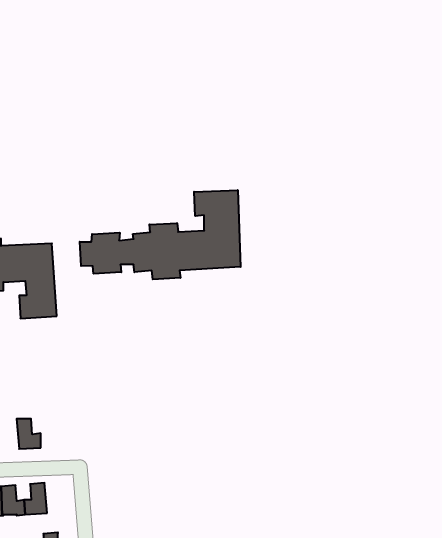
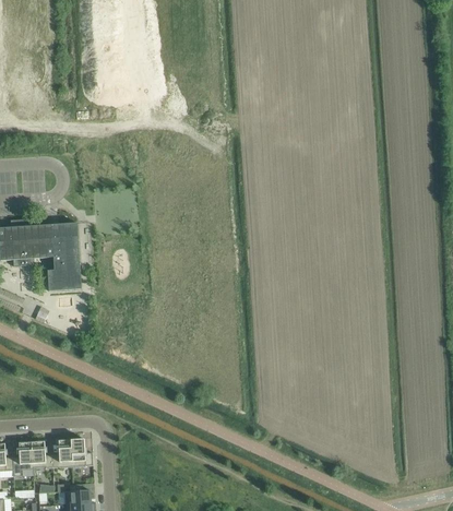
building: [80,190,241,279] -> none
building: [17,419,41,449] -> [71,439,93,466]

